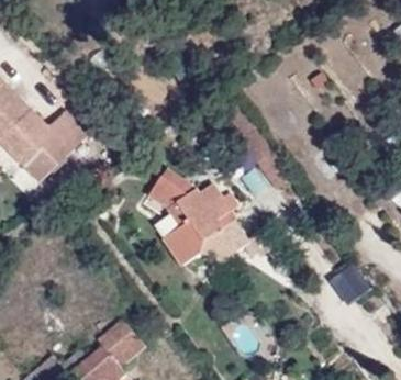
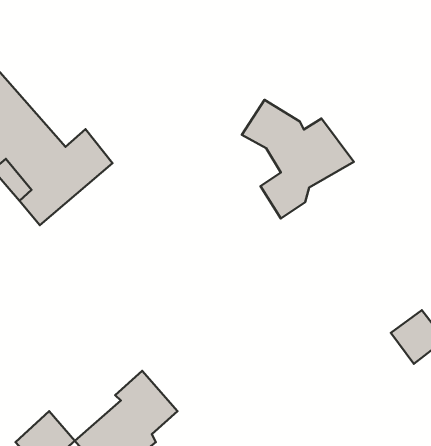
building: [149,169,241,266] -> [242,100,354,218]

